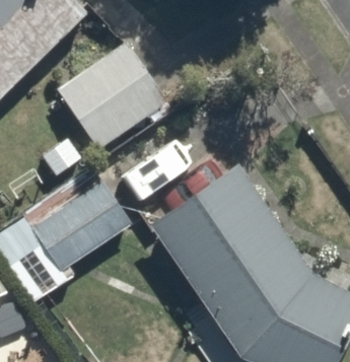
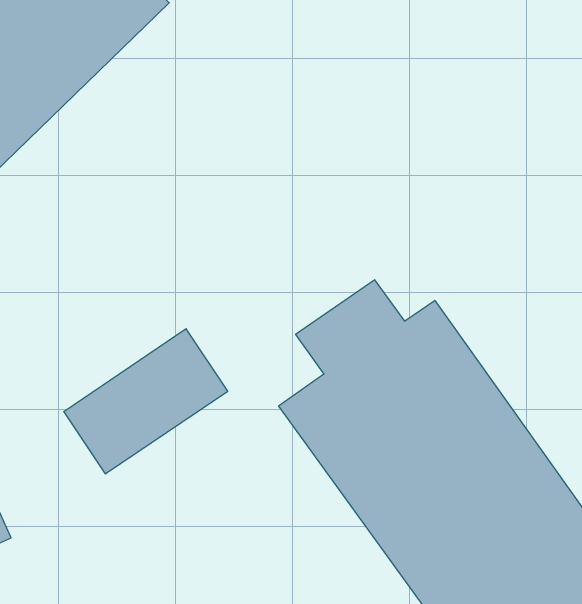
building: [54,40,168,151] -> none

